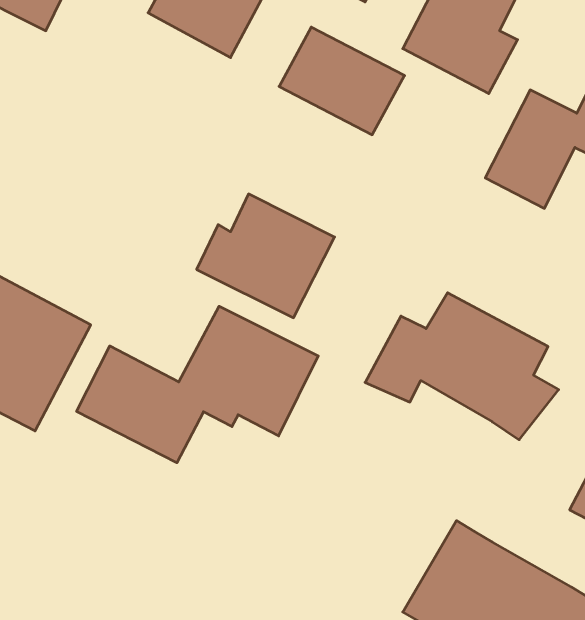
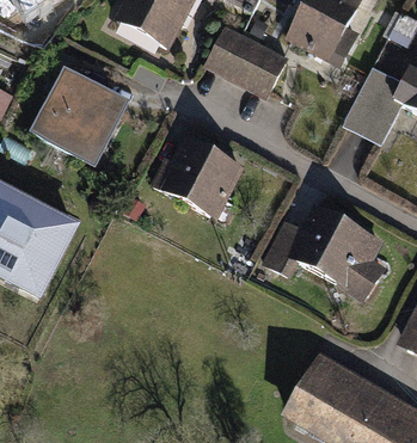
building: none -> [36,68,124,152]
building: [77,306,318,463] -> none

